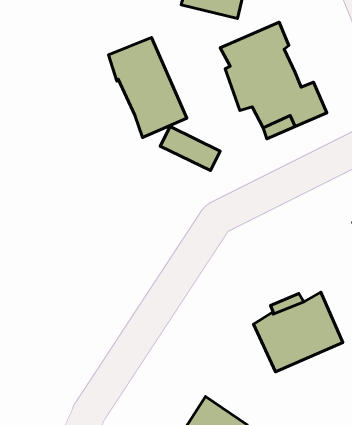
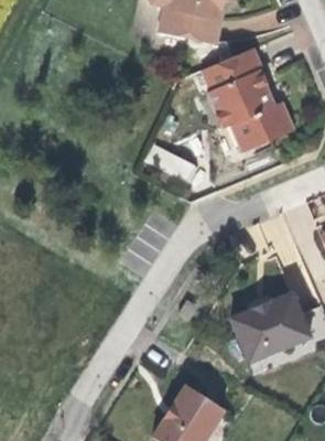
building: [108,37,187,137] -> none

